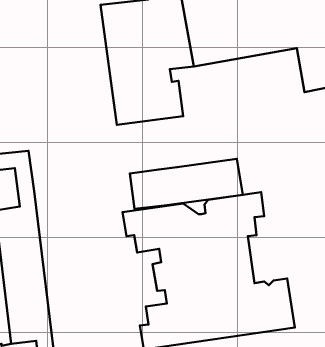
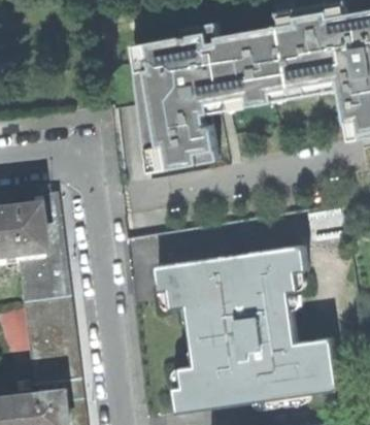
building: [130,159,243,209] -> none

